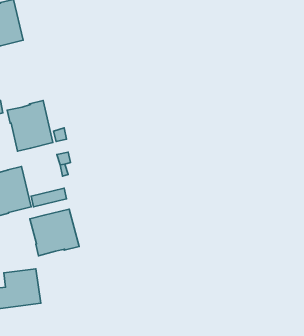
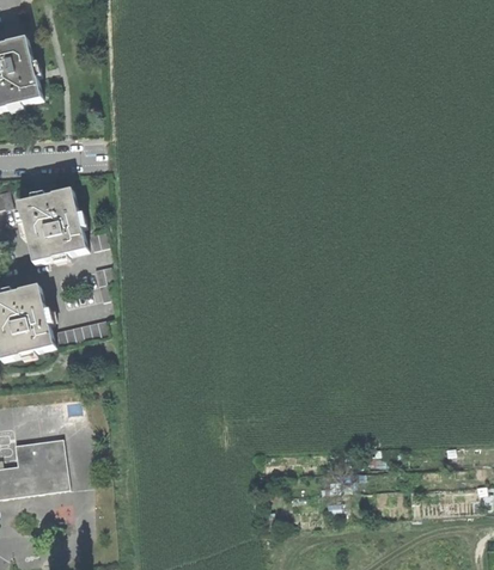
building: [30,209,79,256] -> none

